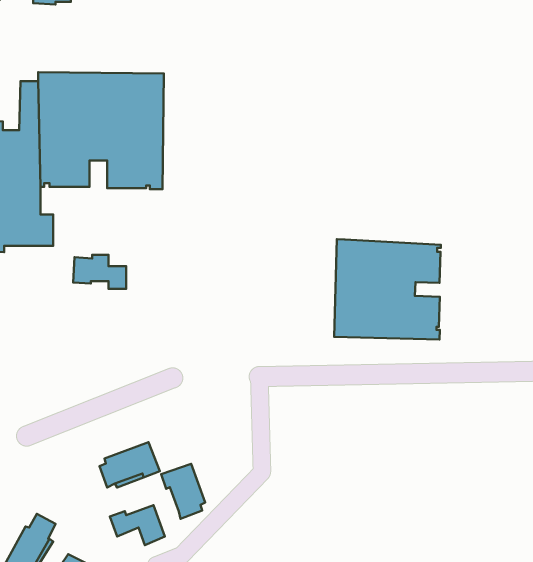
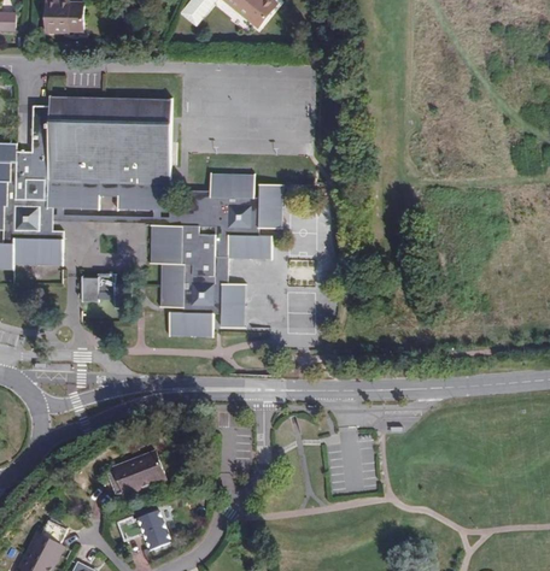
building: none -> [151,176,281,334]
building: [334,239,441,340] -> none
building: [161,464,205,519] -> none

